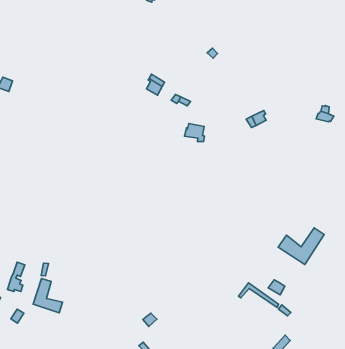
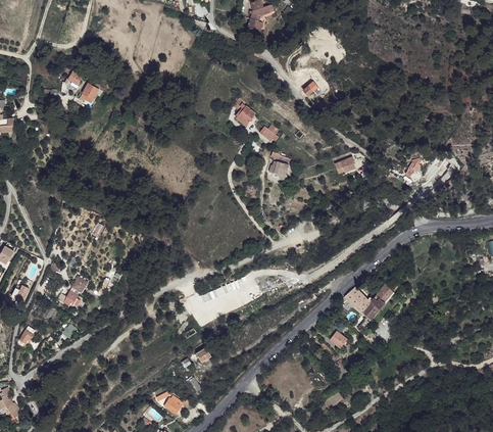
building: [33,278,62,313] -> none

